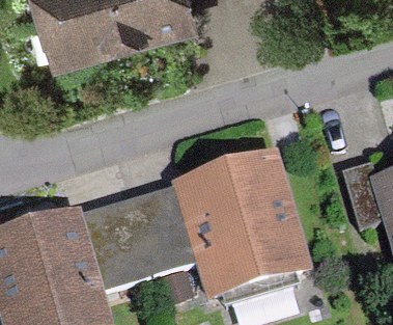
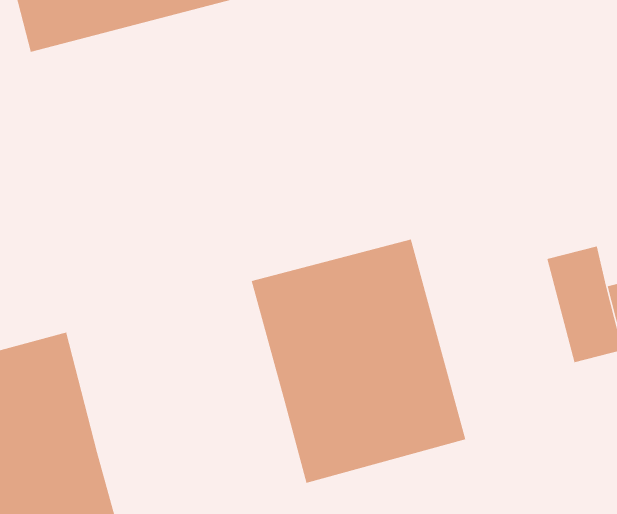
building: [73,188,196,286] -> none

